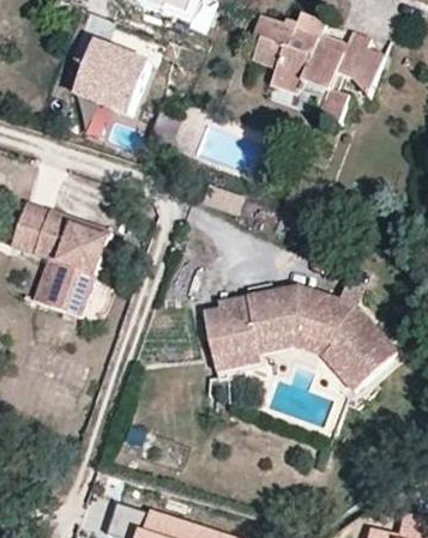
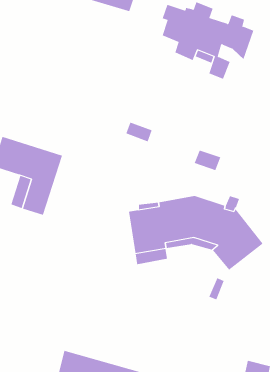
building: [71,43,147,116] -> none

